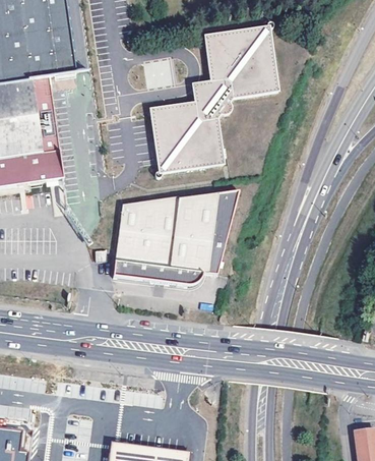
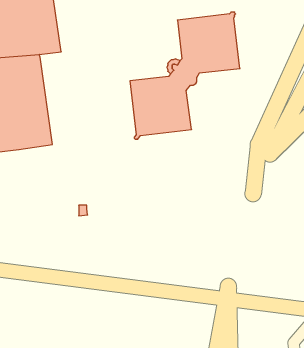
building: [109,190,237,285] -> none

